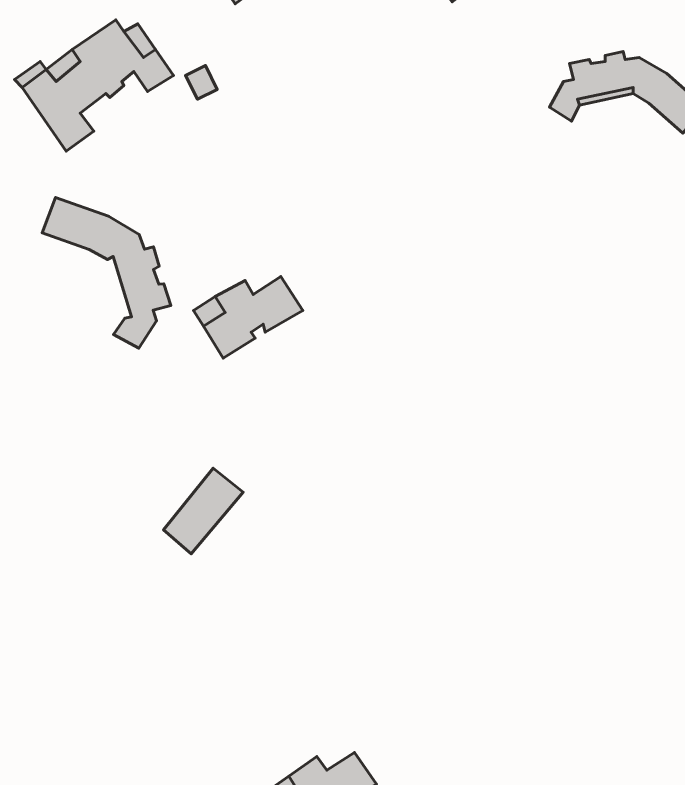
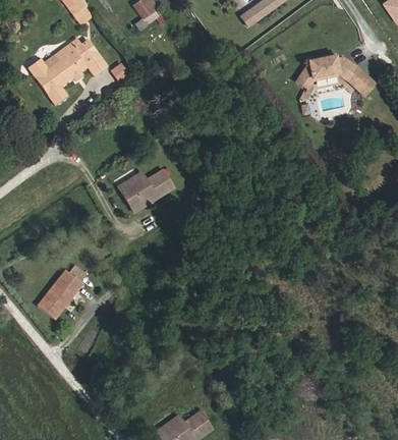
building: [42,198,171,348] -> none
building: [163,468,243,554] -> [40,272,80,316]

